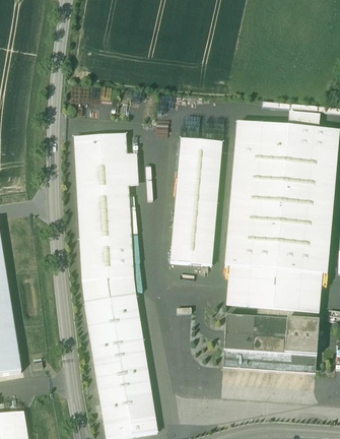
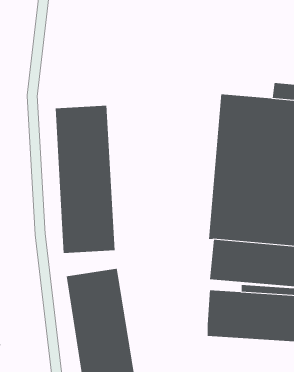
building: [169,138,221,265] -> none
building: [81,277,135,303] -> none

